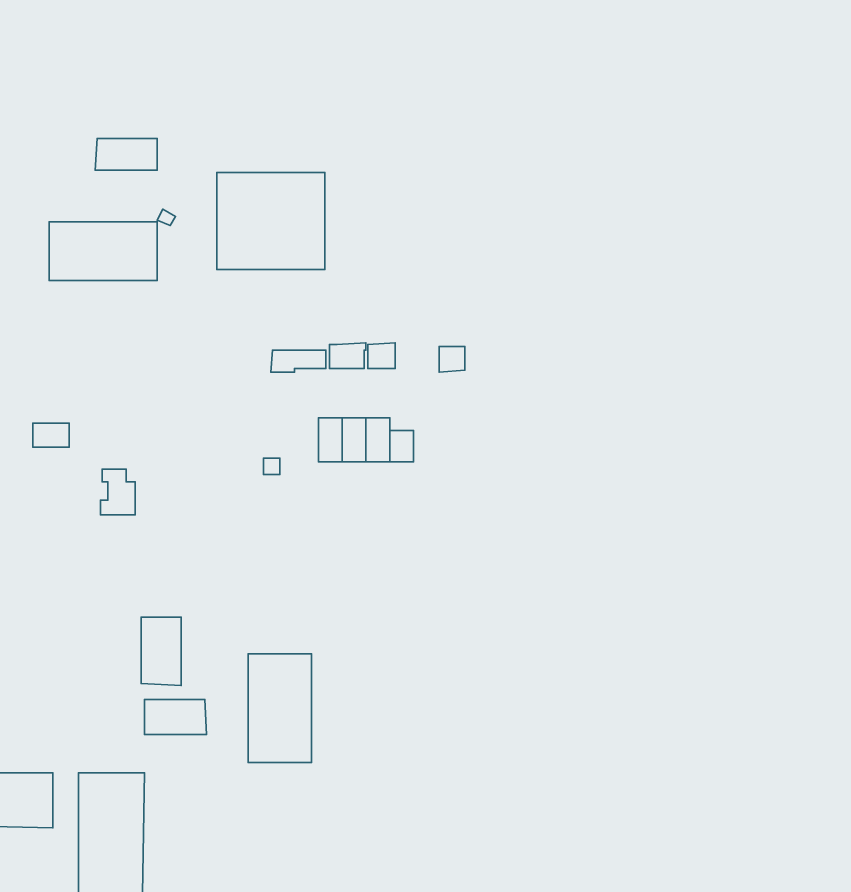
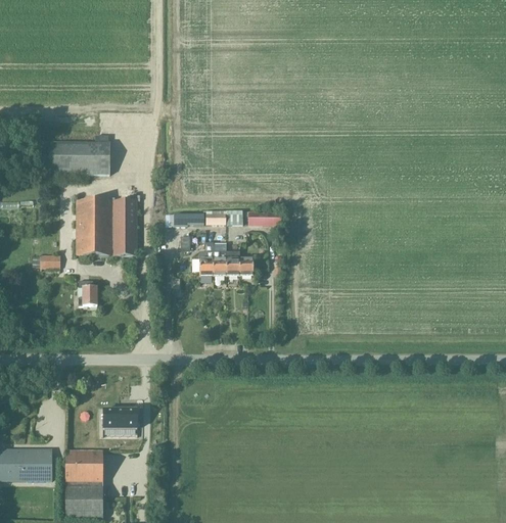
building: [95,139,157,170] -> none
building: [217,173,325,270] -> [76,200,136,254]
building: [141,617,181,686] -> none
building: [248,654,312,762] -> none

